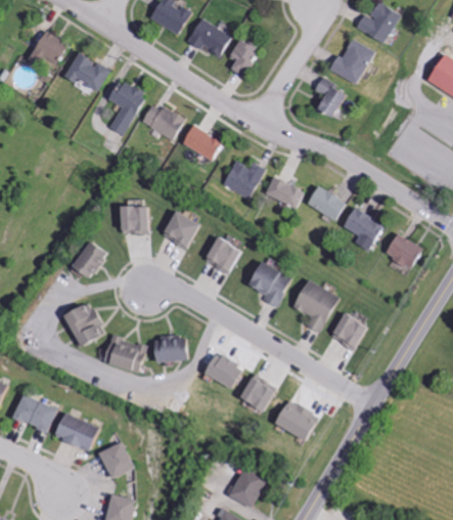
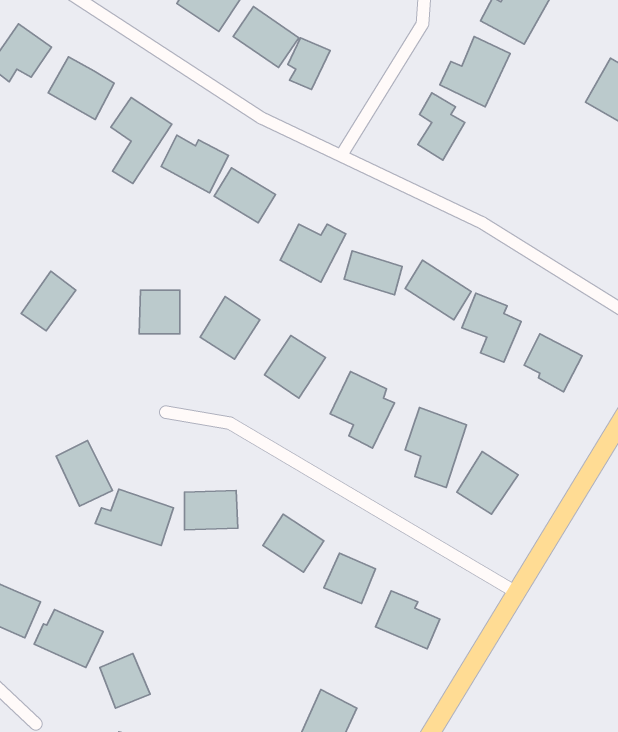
building: [74,240,109,278] -> [21,271,76,331]

